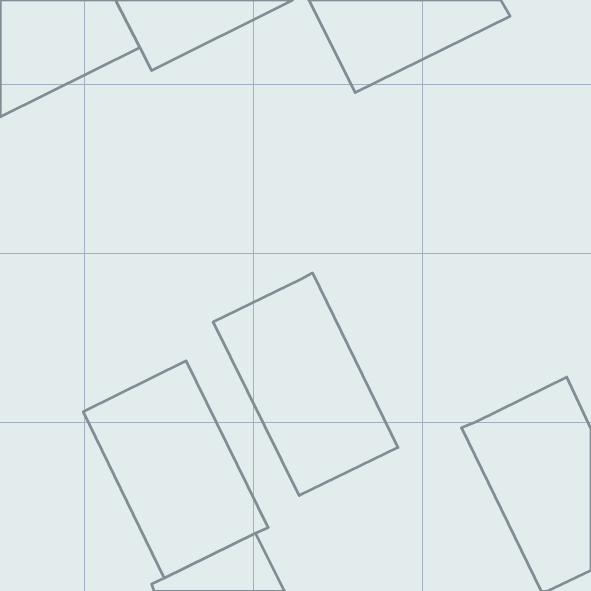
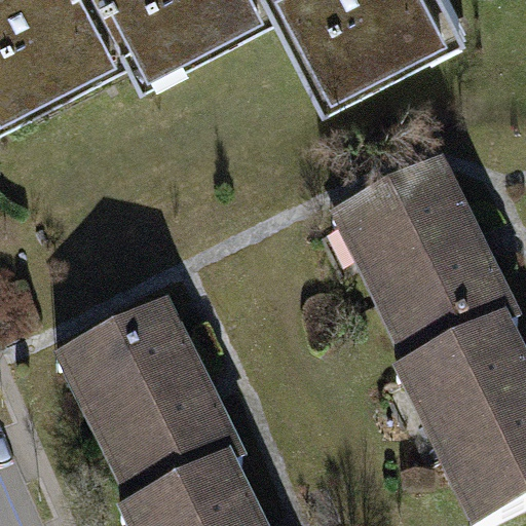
building: none -> [349,183,514,375]
building: [213,273,398,496] -> none

